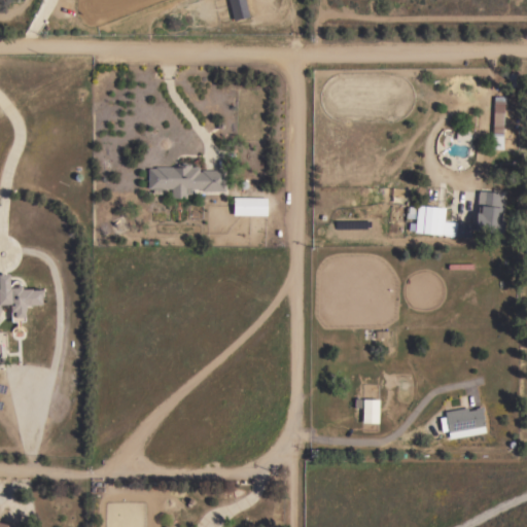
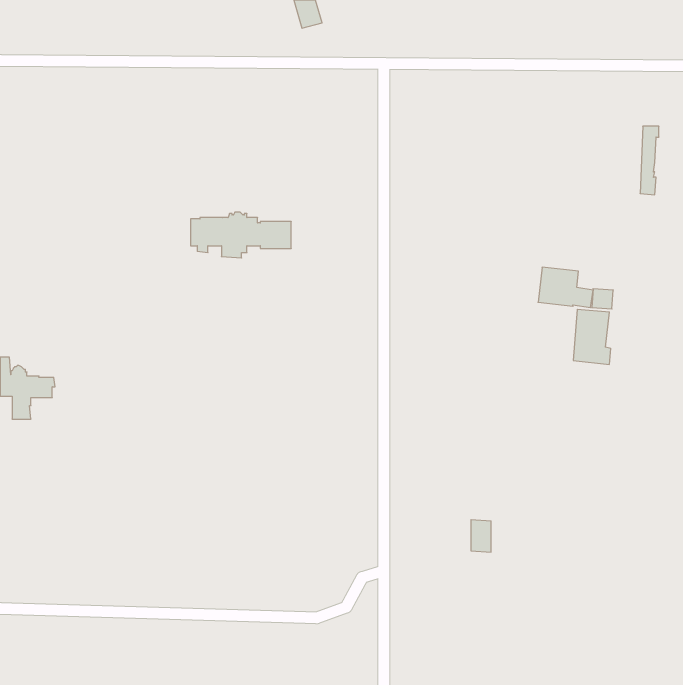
building: [476,191,504,234] -> [573,309,611,364]
building: [234,198,268,216] -> none
building: [440,408,485,433] -> none

